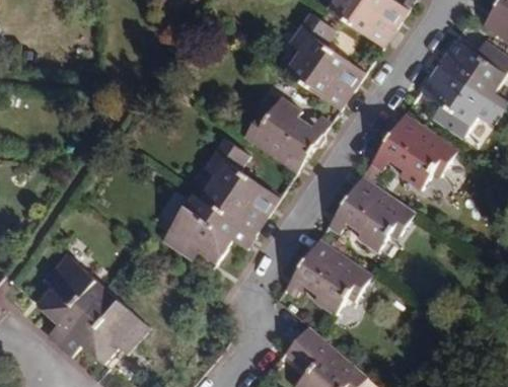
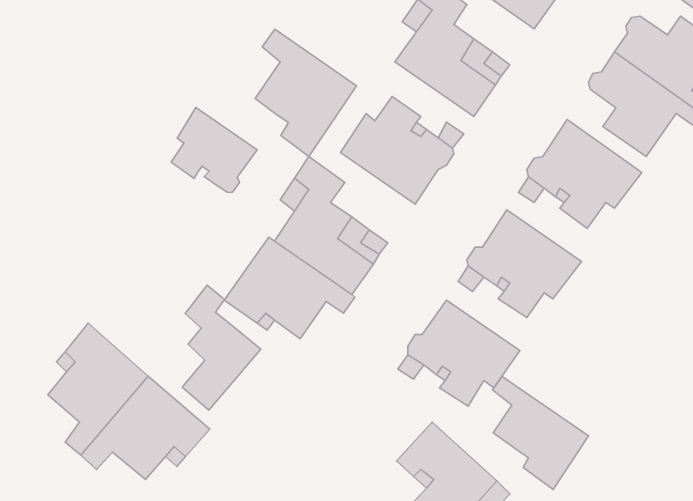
building: none -> [255,29,357,157]
building: none -> [171,108,257,193]
building: none -> [182,285,261,410]
building: none -> [492,377,588,489]

